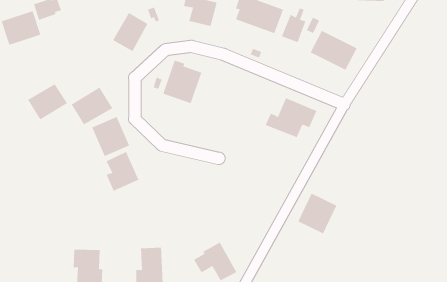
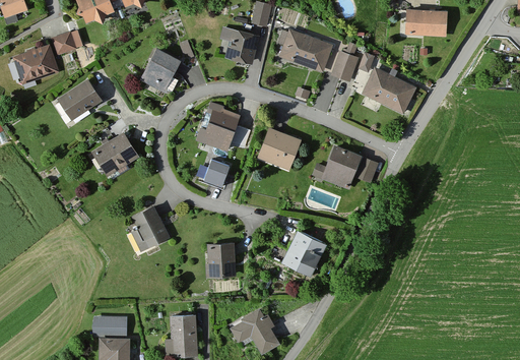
building: none -> [257,127,302,170]
building: [27,84,68,120] -> [57,79,103,121]
building: none -> [203,158,230,186]
building: [92,116,130,157] -> none
building: none -> [205,243,236,279]
building: [298,193,337,234] -> [281,231,326,278]

